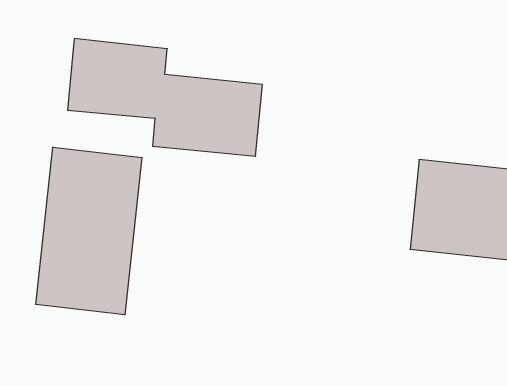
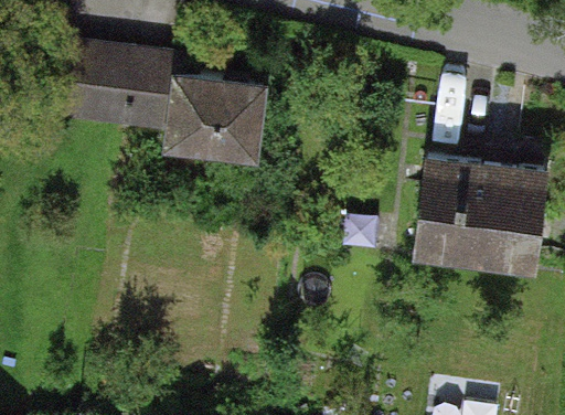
building: [36,147,142,315] -> none

